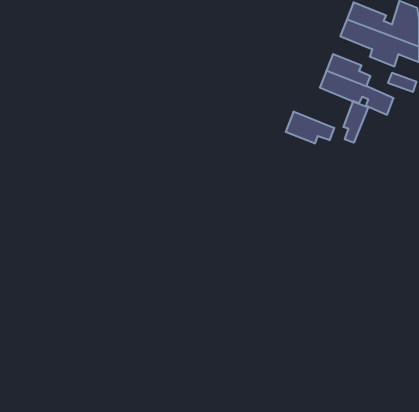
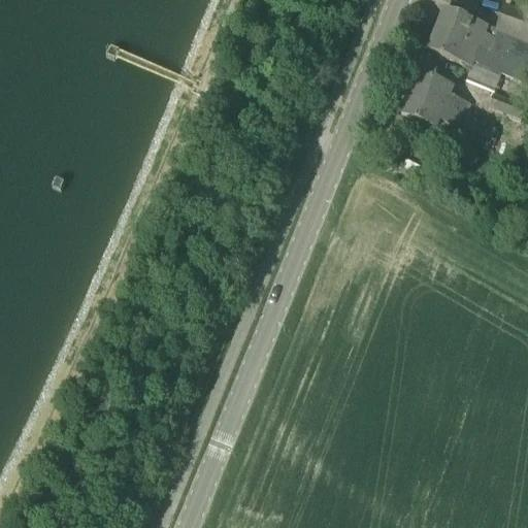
building: [343,102,368,143] -> none
building: [286,111,334,144] -> none

